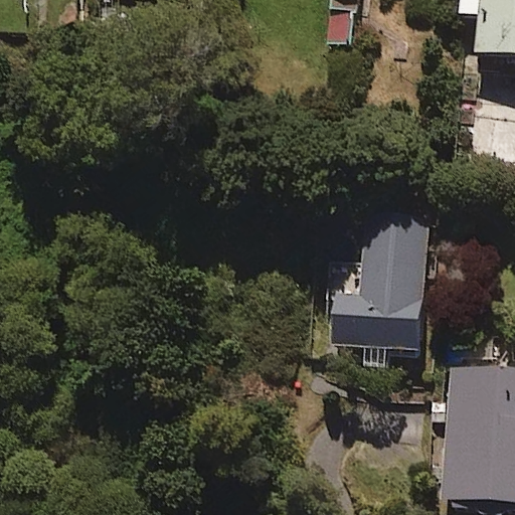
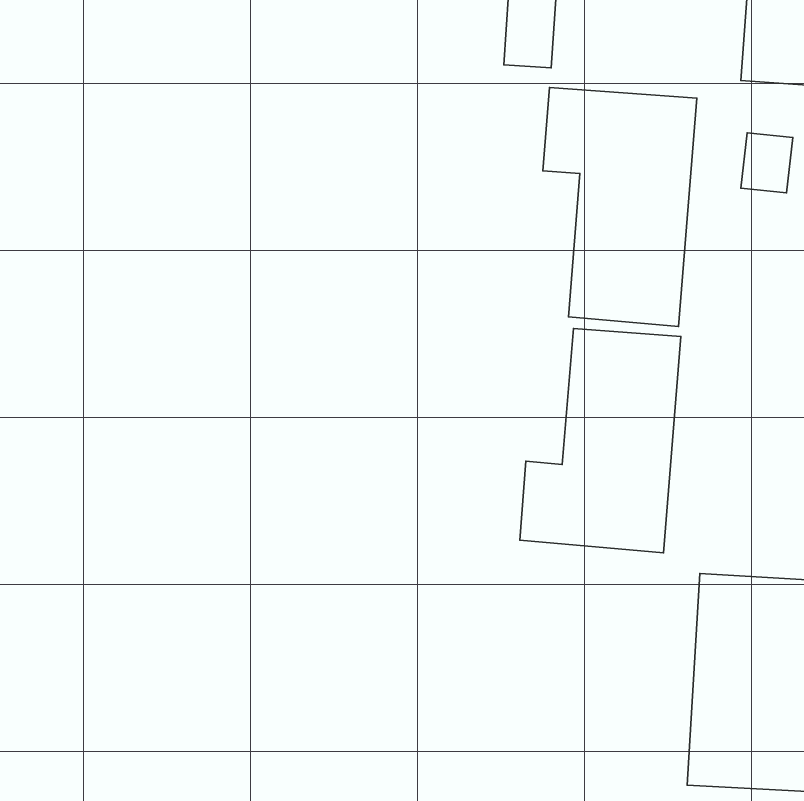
building: none -> [543,87,697,327]

